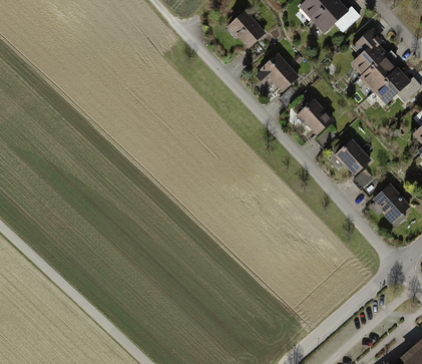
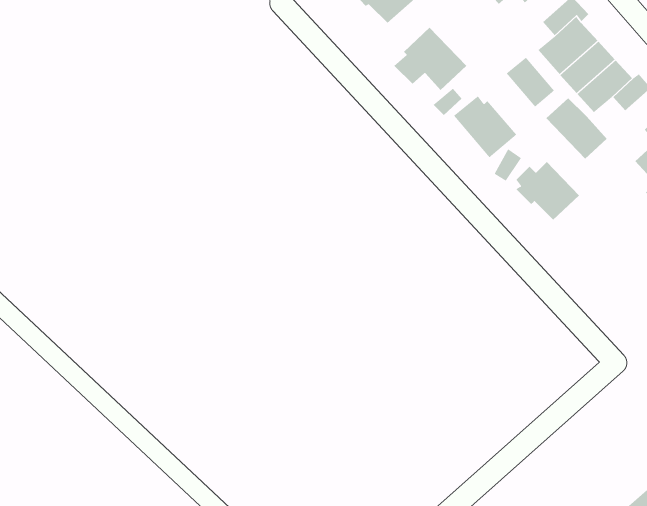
building: none -> [506,57,555,107]
building: none -> [546,97,608,160]
building: [372,180,413,224] -> none

